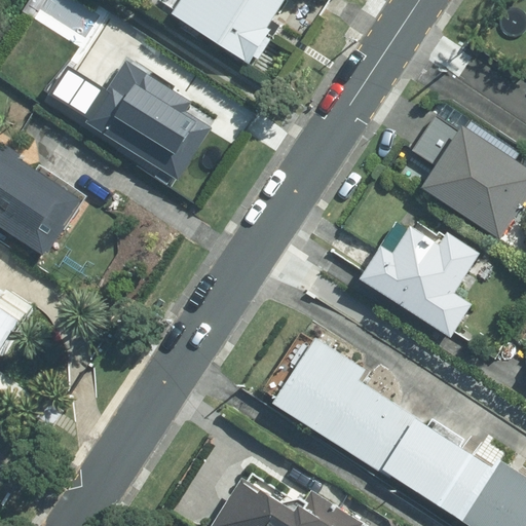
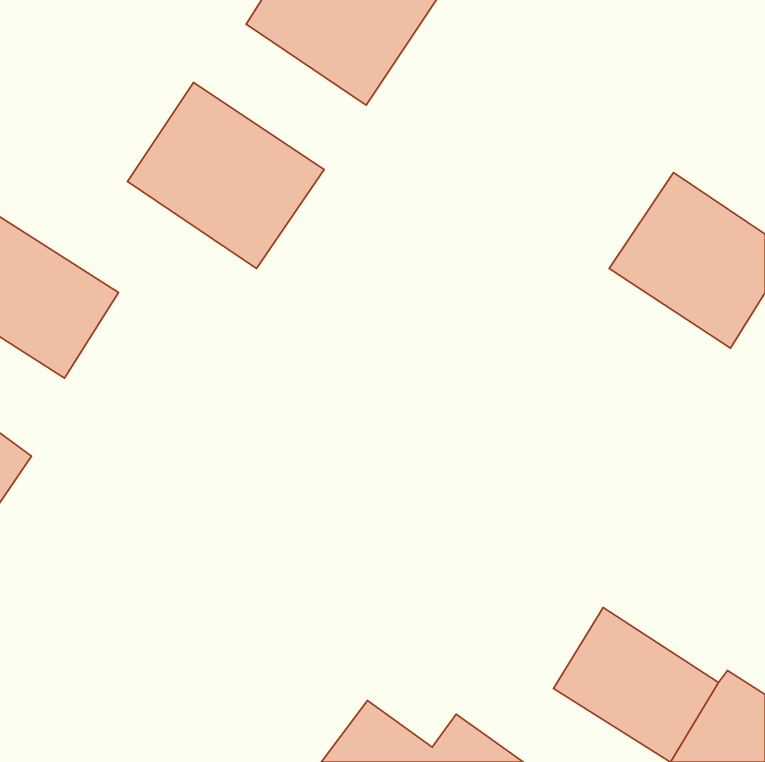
building: [358,211,478,339] -> none
building: [270,337,413,472] -> none

